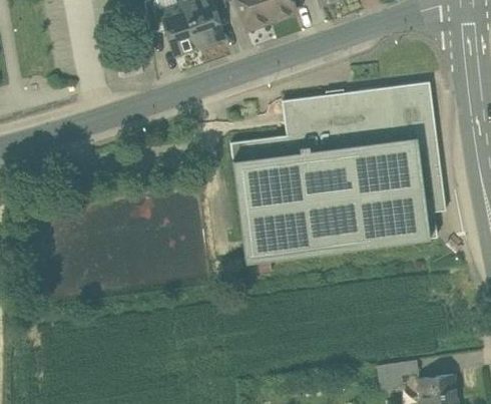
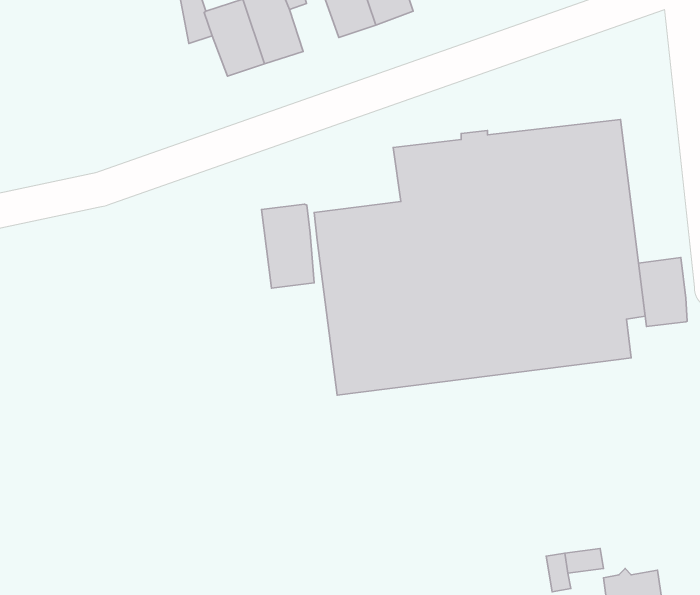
building: none -> [261,204,314,288]
building: none -> [638,258,687,326]

